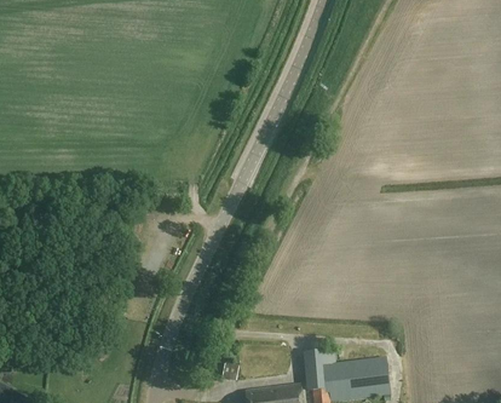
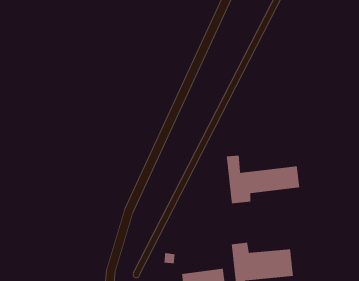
building: none -> [226,155,300,204]

